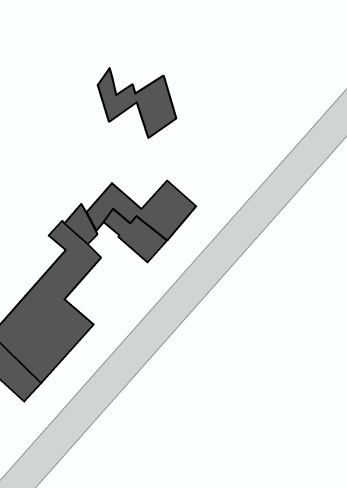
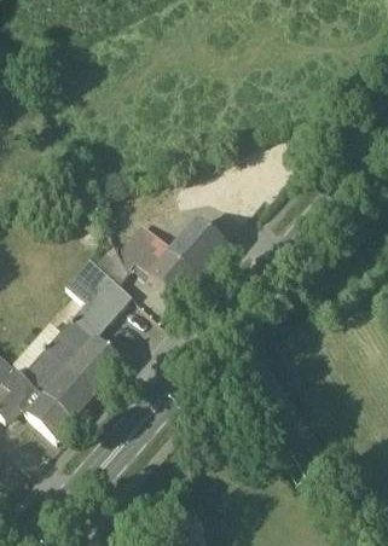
building: [98,68,176,138] -> none

